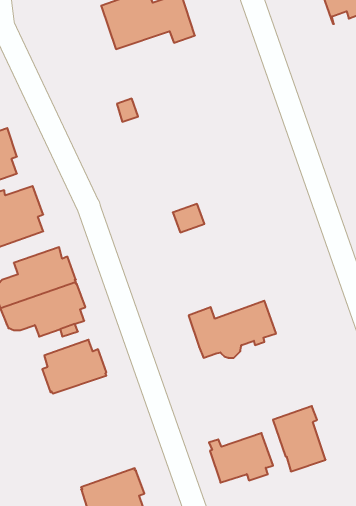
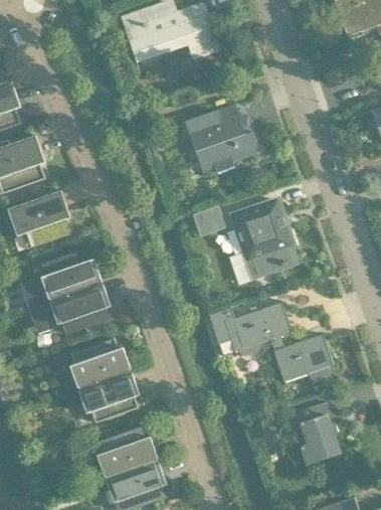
building: none -> [184,105,258,174]
building: none -> [231,200,294,276]
building: none -> [77,372,139,423]
building: [209,433,273,483] -> [271,334,333,381]
building: none -> [96,428,157,479]

